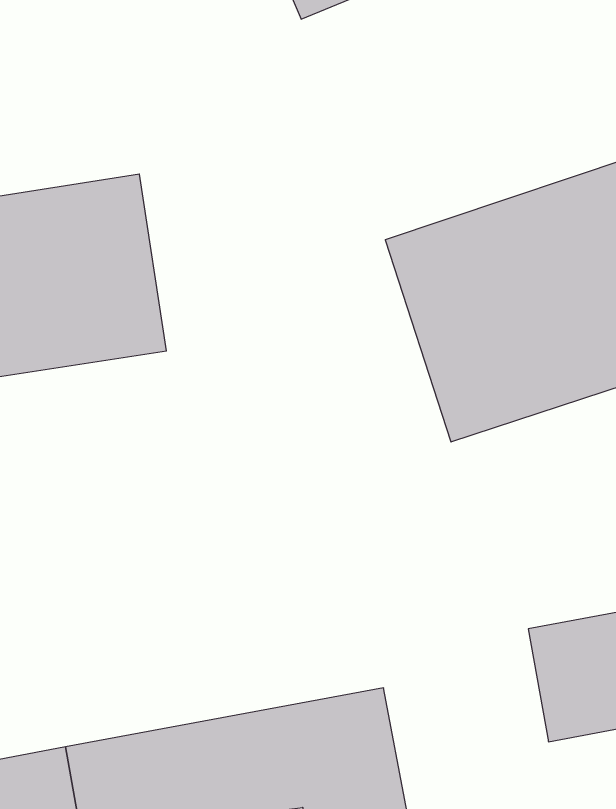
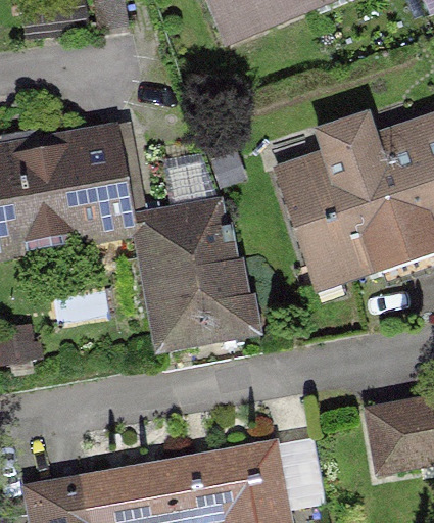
building: none -> [146,197,249,352]

